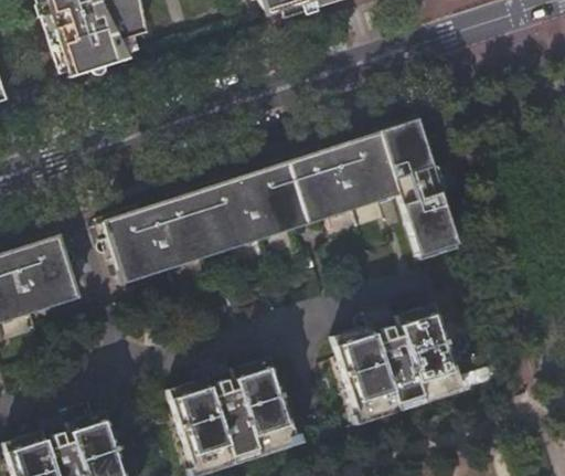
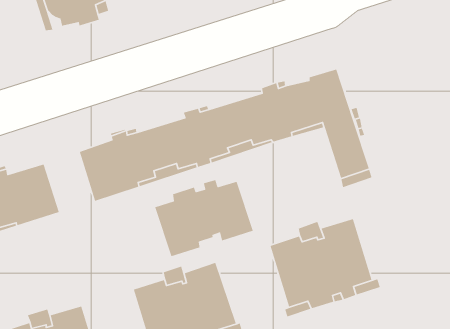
building: none -> [154,179,254,257]

